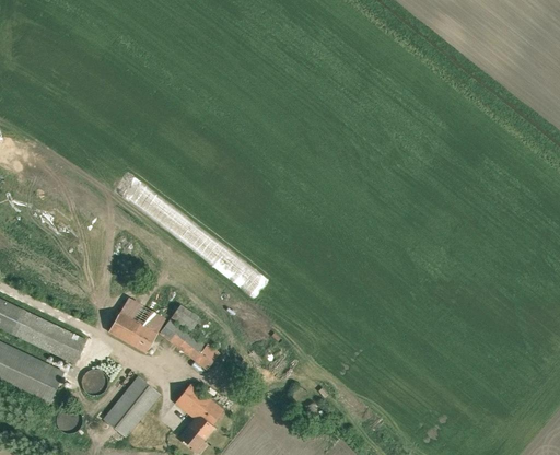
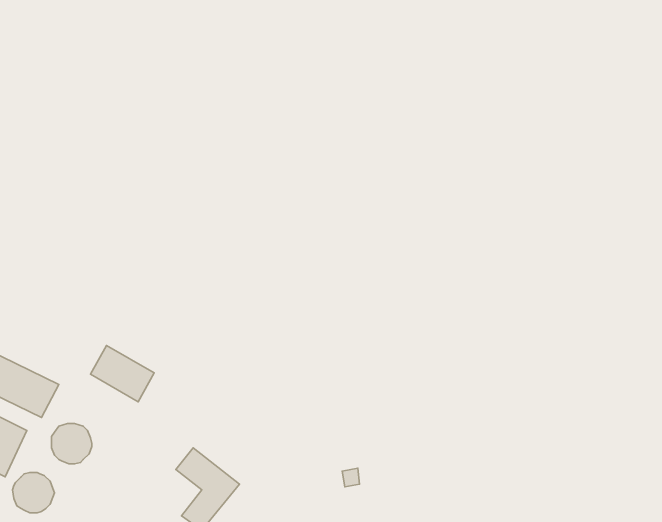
building: [164,322,217,369] -> none
building: [104,373,163,433] -> none

